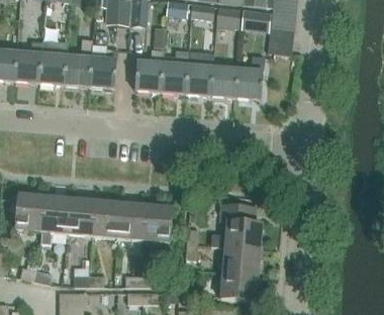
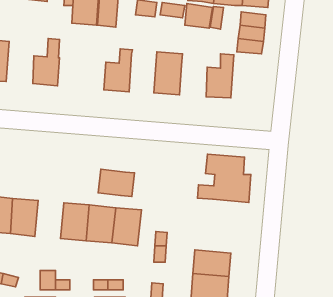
building: [39,39,68,83] -> none
building: [90,48,117,87] -> none
building: [161,50,188,92] -> none
building: [210,65,237,96] -> none
building: none -> [98,169,134,197]
building: [68,198,96,235] -> none
building: [210,202,263,249] -> [197,154,251,202]

